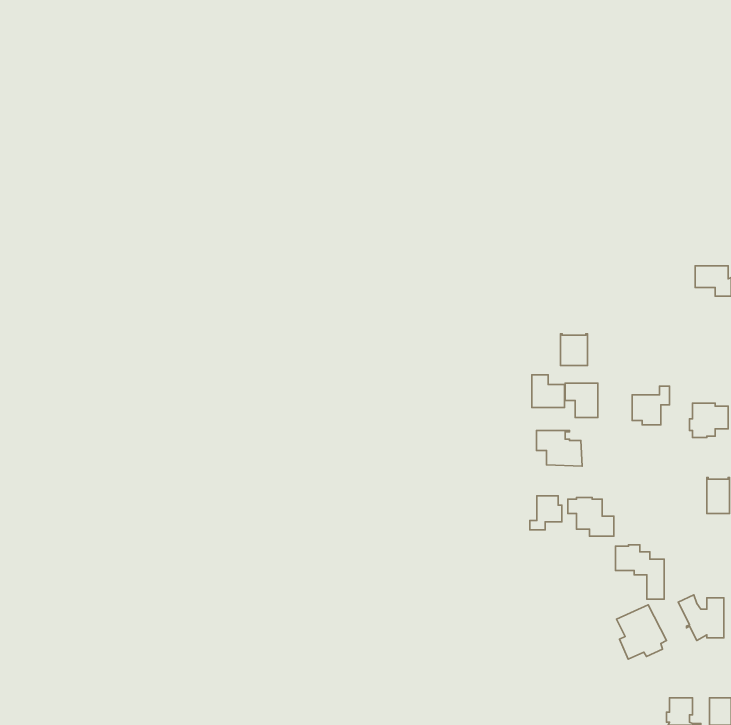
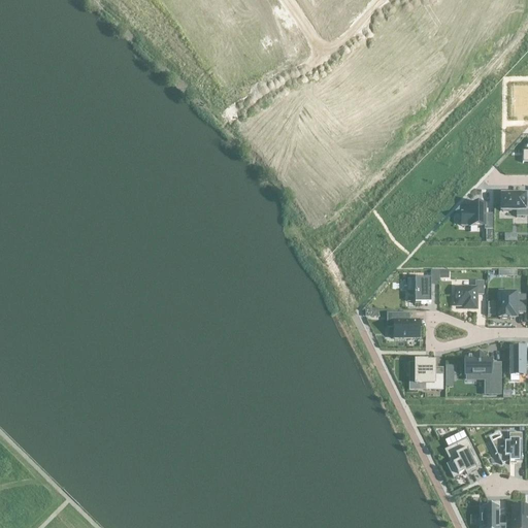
building: none -> [461,202,492,227]
building: [561,334,587,365] -> none
building: [532,375,564,407] -> none
building: [530,496,562,530] -> none
building: [615,545,664,599] -> [465,353,500,392]

